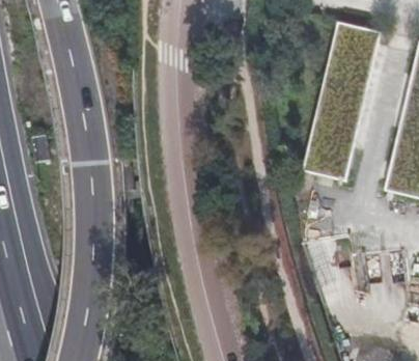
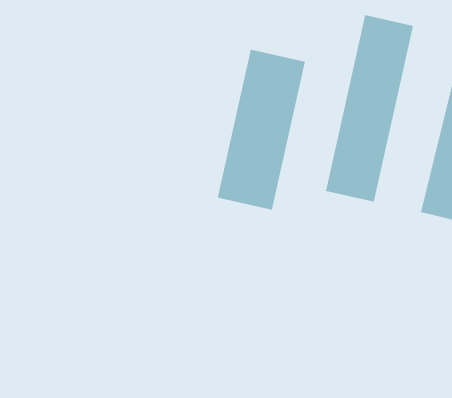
building: none -> [217,49,306,210]

